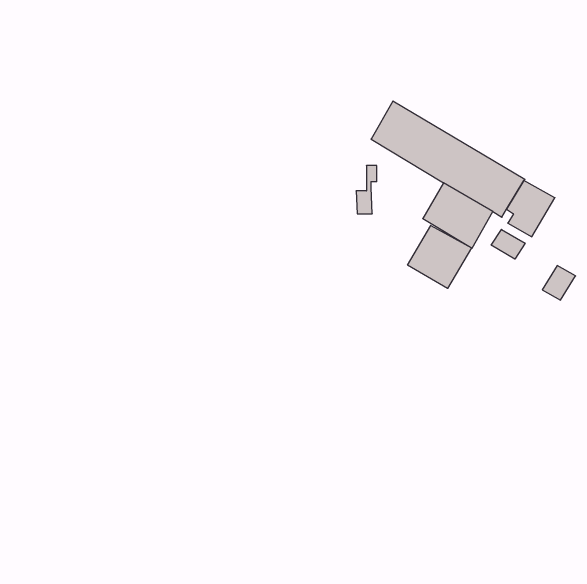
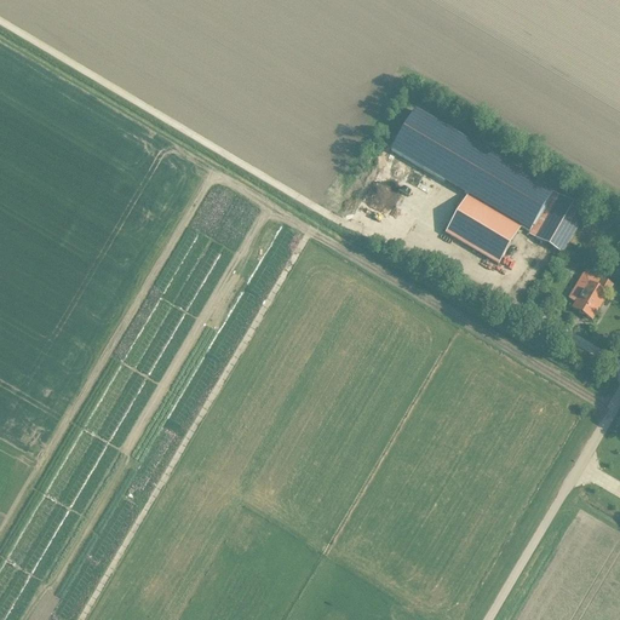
building: [408,225,472,288] -> none
building: [491,229,525,259] -> none

